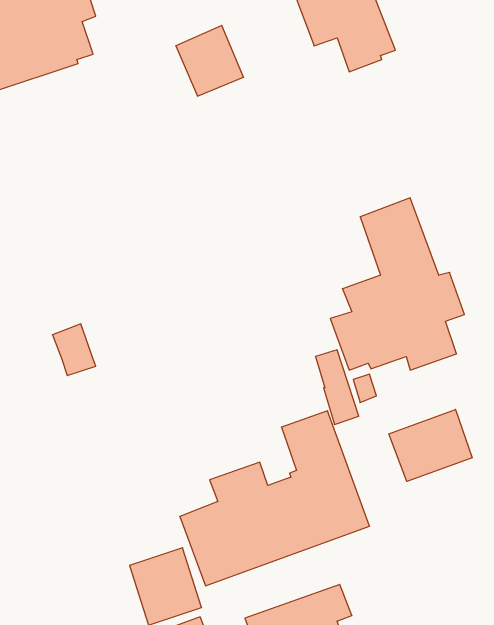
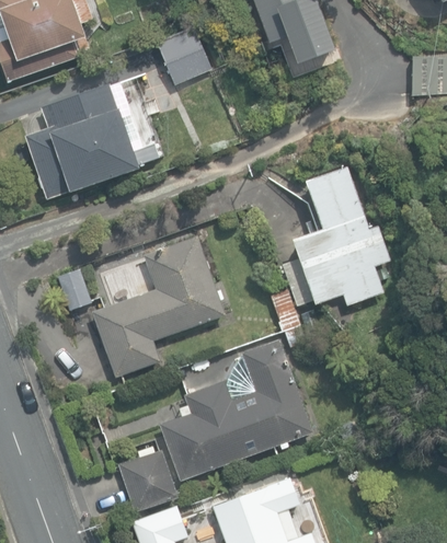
building: none -> [24,82,159,199]
building: none -> [93,235,225,376]
building: [389,409,472,481] -> none

